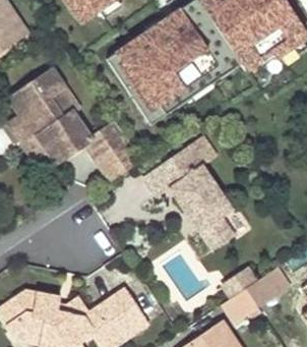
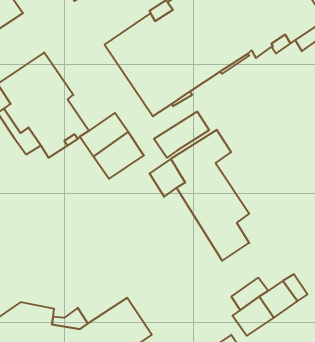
building: none -> [154,112,209,158]

